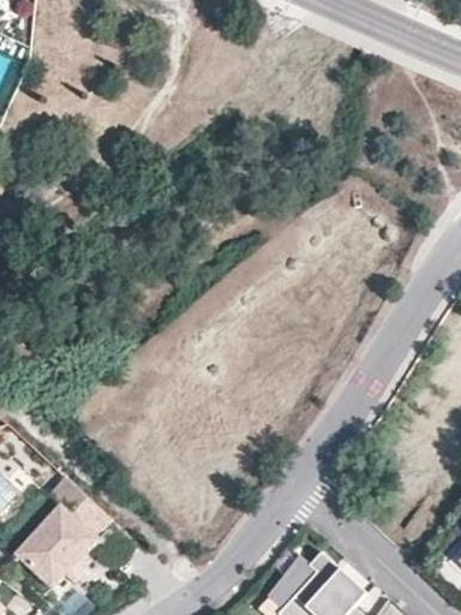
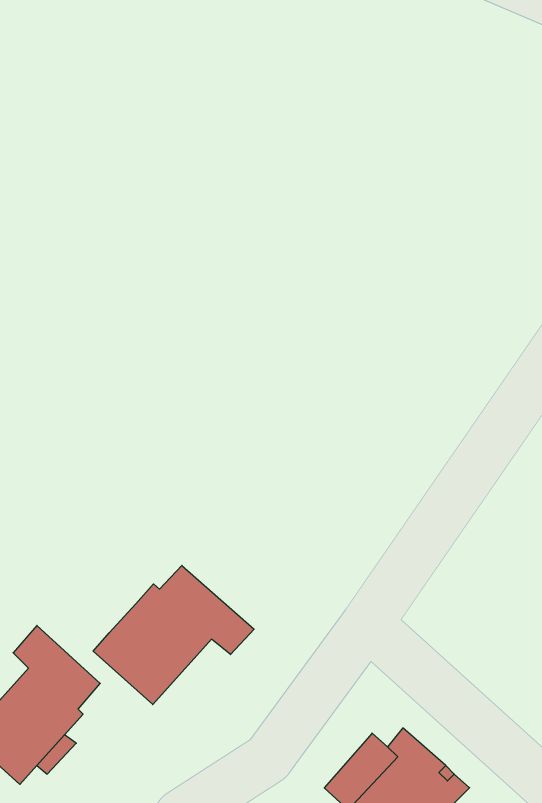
building: none -> [93,565,254,705]

